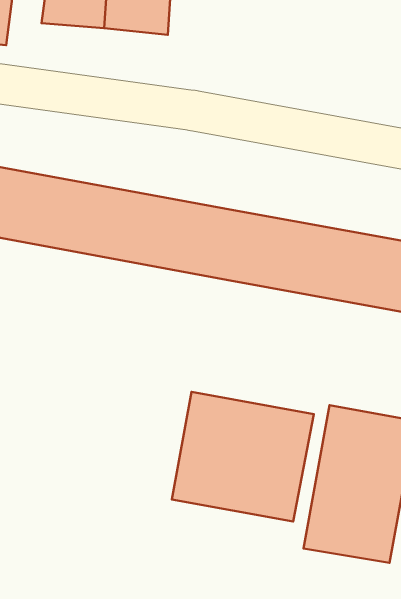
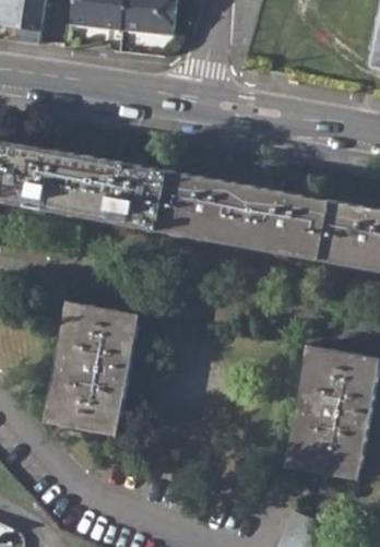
building: none -> [44,302,139,435]
building: [172,392,314,522] -> none

